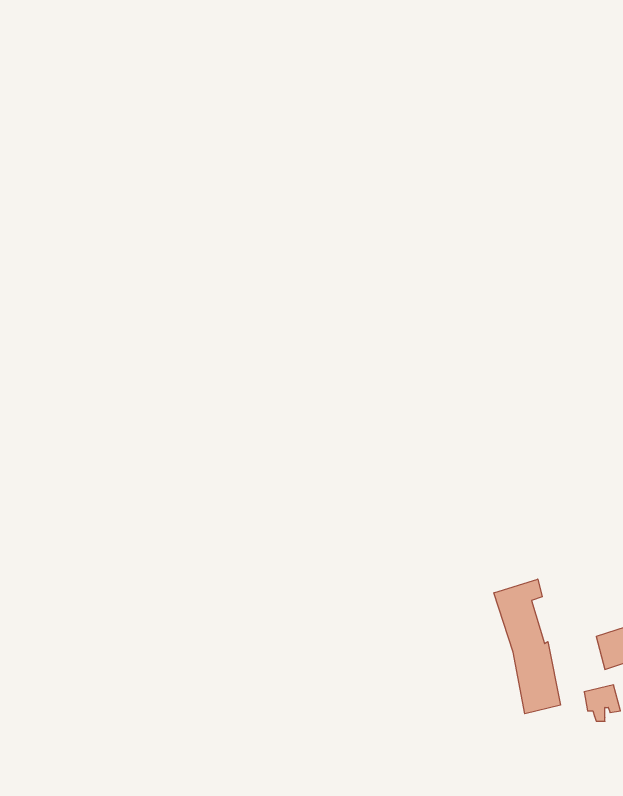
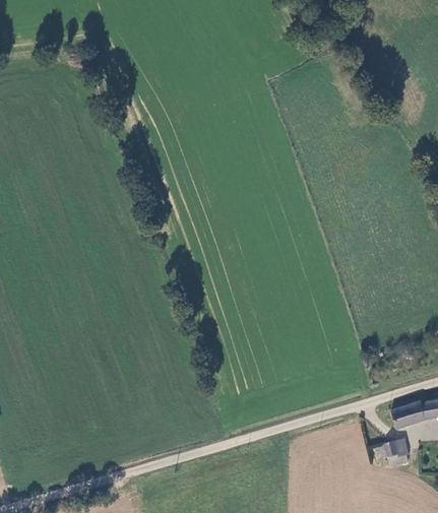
building: [494,579,560,714] -> none

